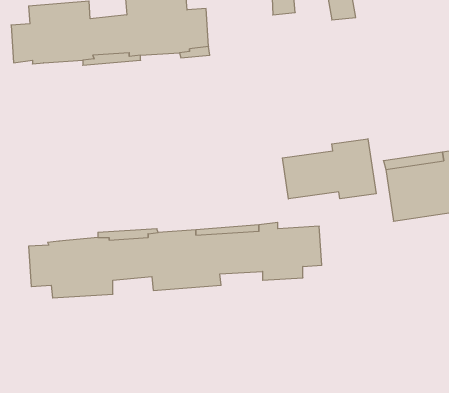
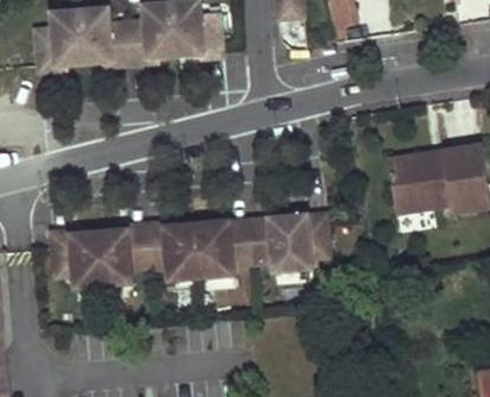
building: [282,139,376,199] -> none

